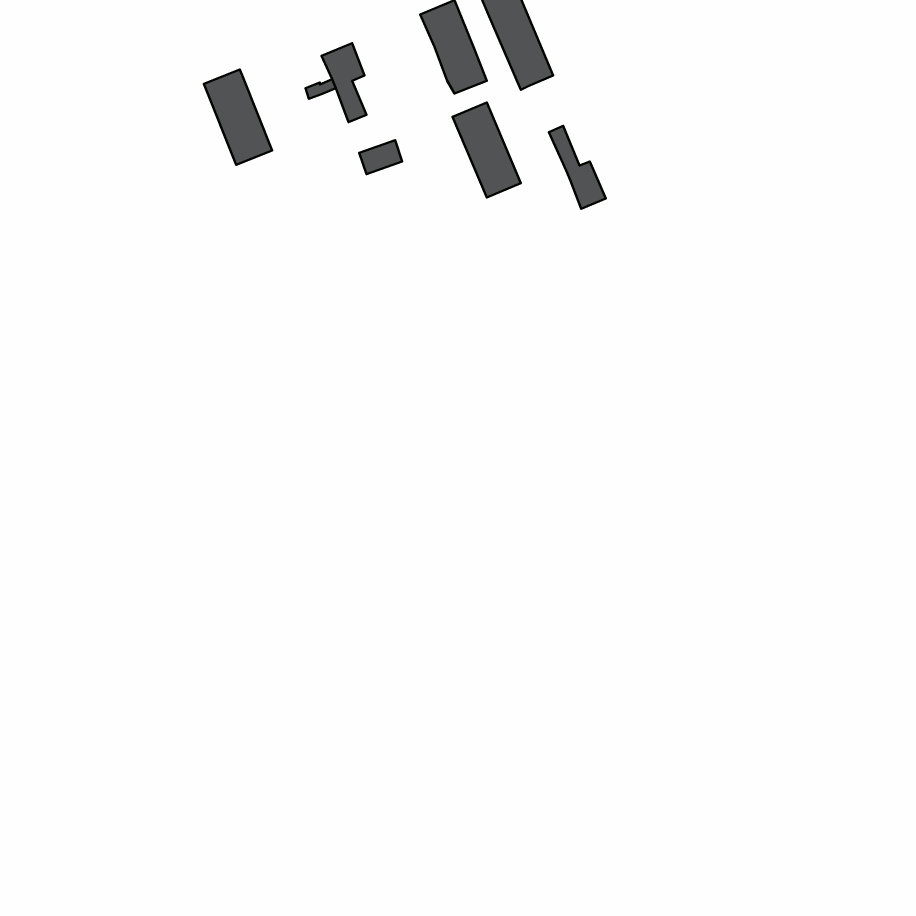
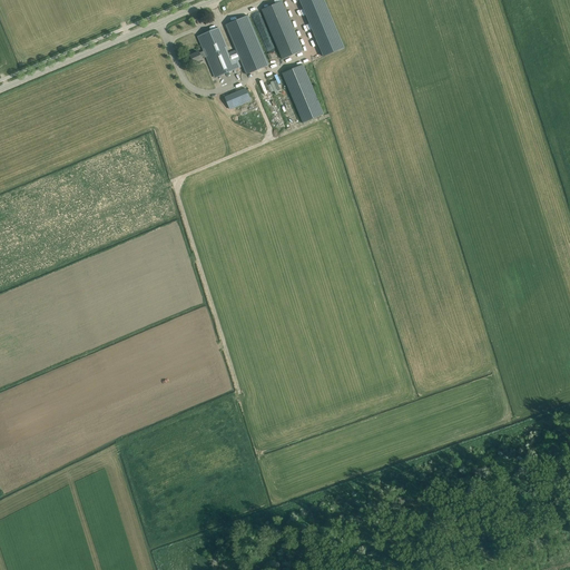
building: [204,70,272,165] -> [225,14,267,73]
building: [549,126,606,209] -> none

